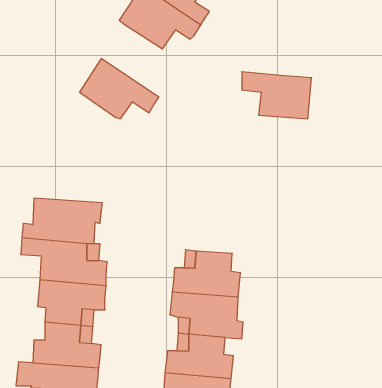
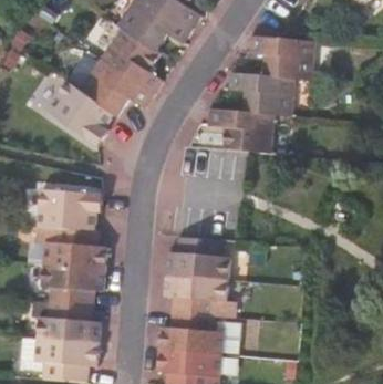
building: none -> [100,28,162,94]
building: none -> [248,34,314,79]
building: none -> [46,82,113,146]
building: none -> [207,108,273,152]

